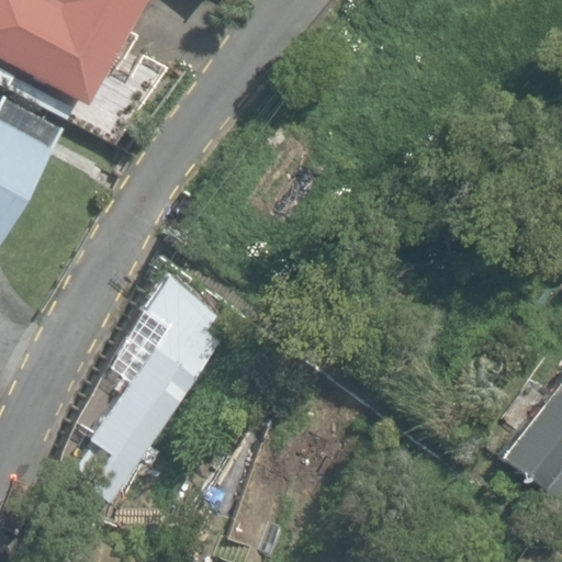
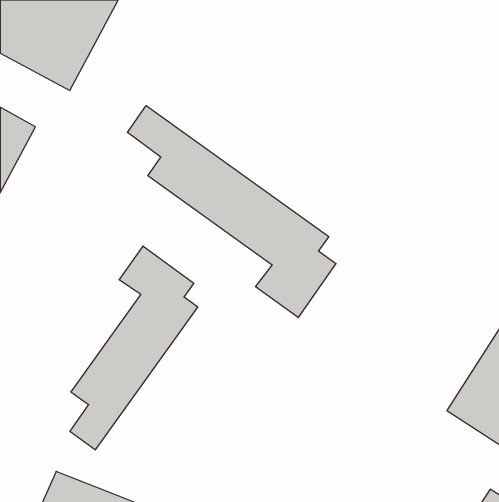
building: none -> [127,106,336,318]

